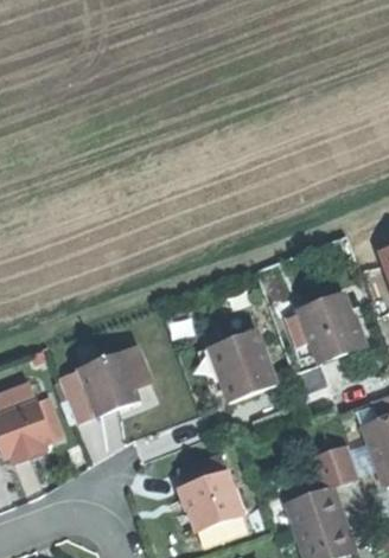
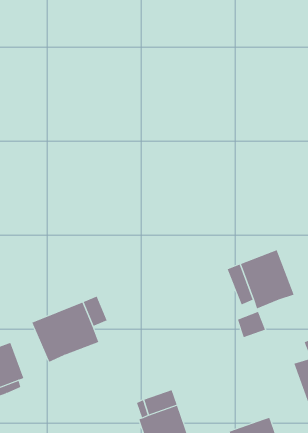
building: [212,328,276,402] -> none
building: [314,444,359,488] -> none

